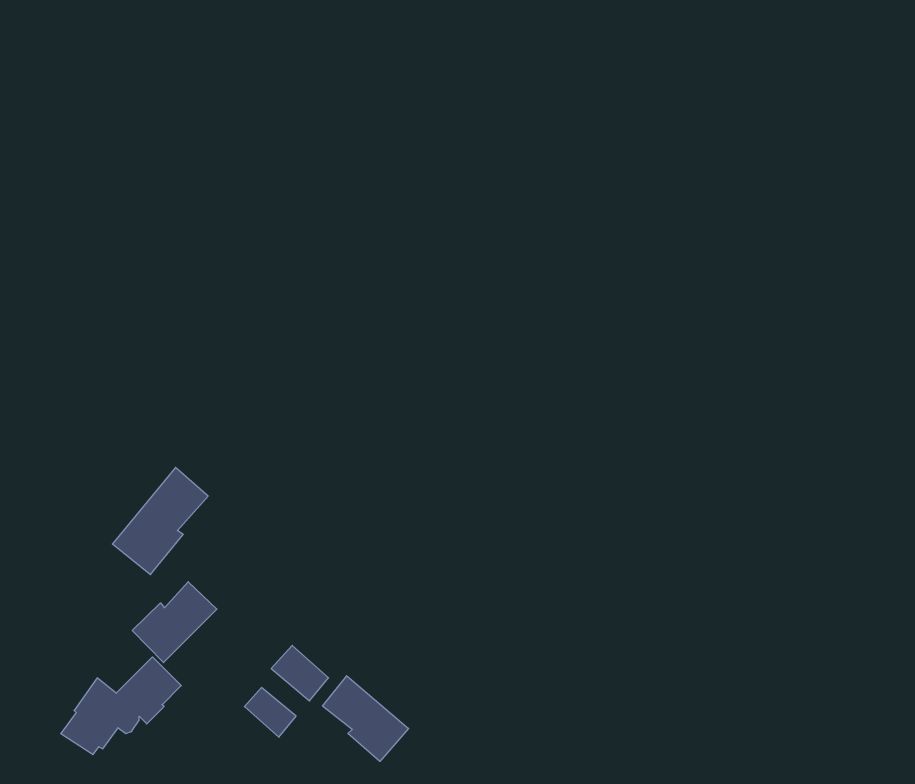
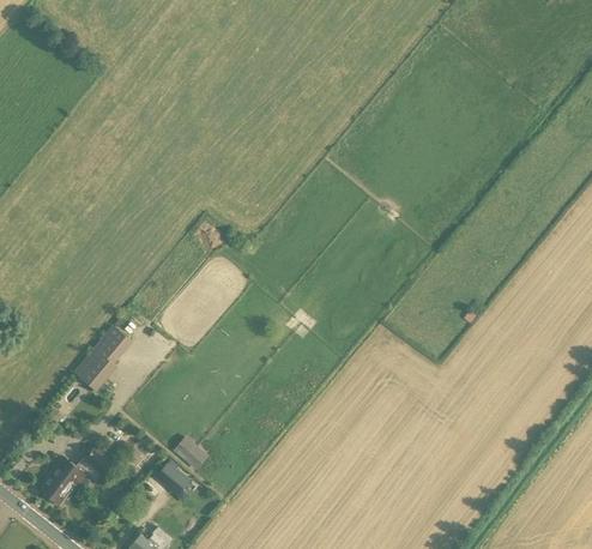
building: [132,582,217,663] -> none
building: [323,676,409,761] -> none

